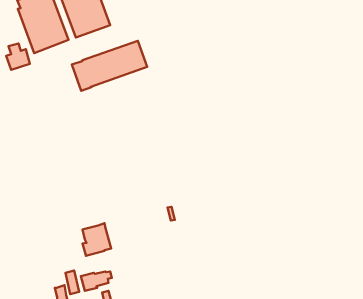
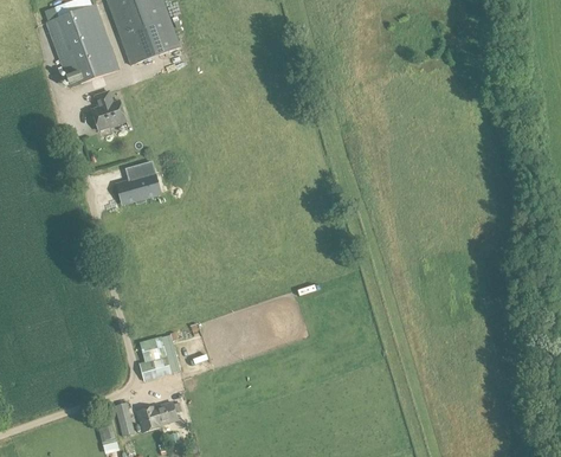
building: [72,41,147,91] -> none
building: [6,44,30,70] -> [90,91,124,129]
building: none -> [116,161,157,204]

